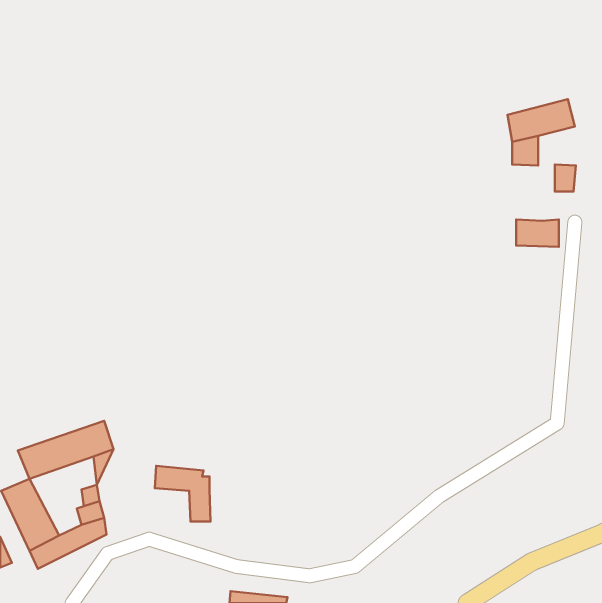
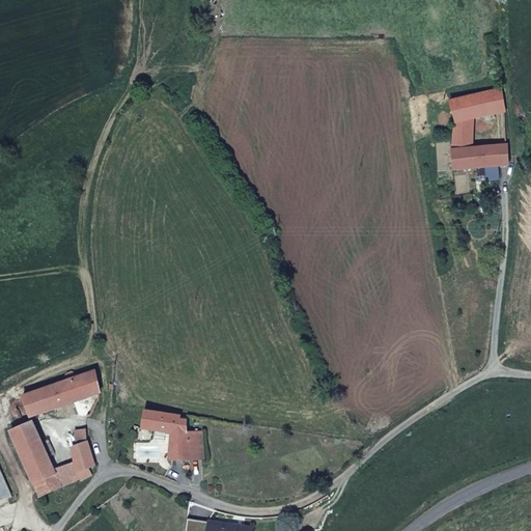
building: [516,220,559,247] -> [451,144,488,168]
building: none -> [186,429,204,457]

